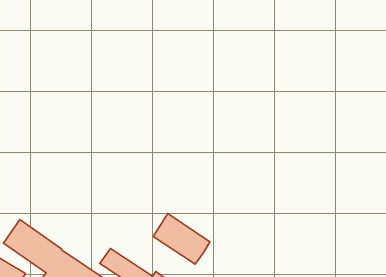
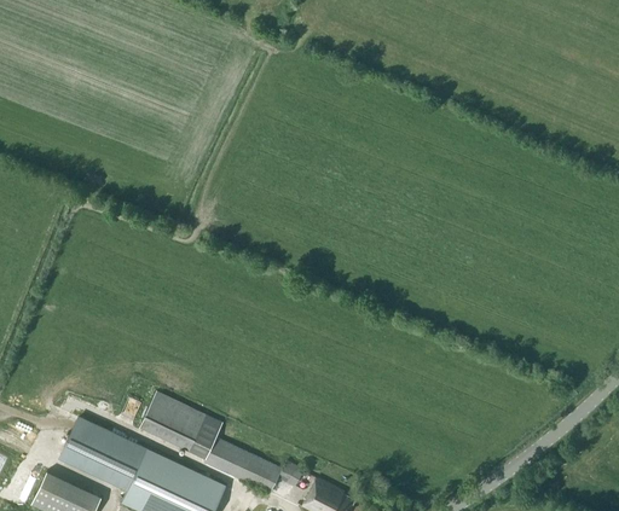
building: [153,213,210,264] -> [140,391,222,458]

